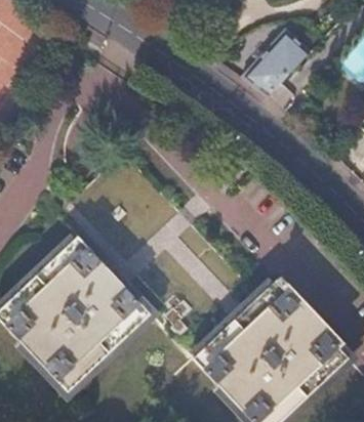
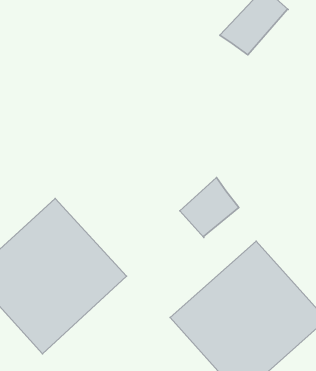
building: none -> [180,177,239,238]

